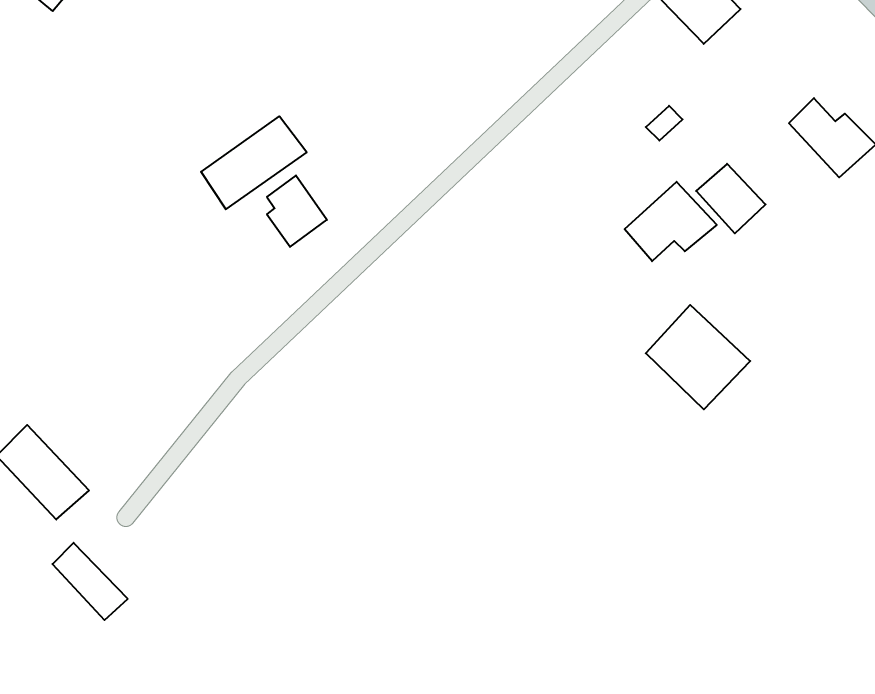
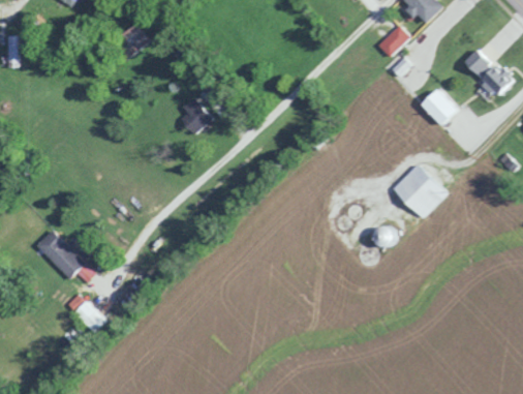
building: none -> [376,24,408,58]
building: [201,116,307,209] -> none
building: [625,182,717,261] -> none

